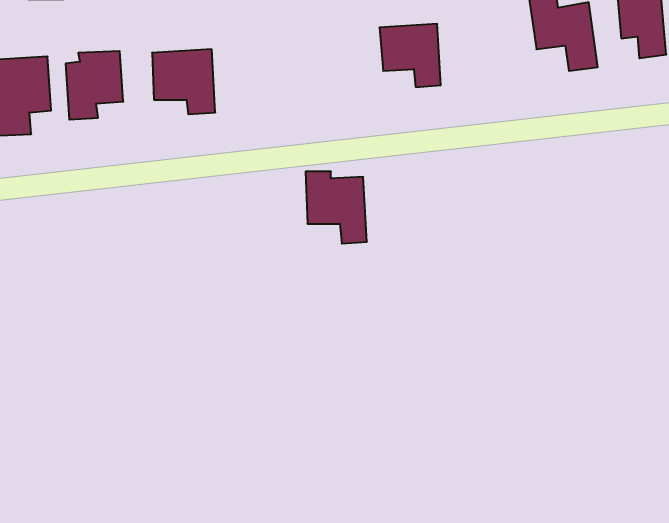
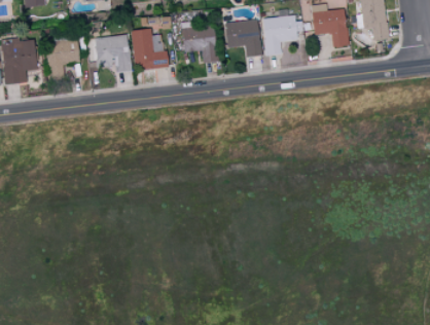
building: none -> [262,16,302,56]
building: none -> [131,29,167,70]
building: [306,171,367,244] -> [181,22,216,63]

